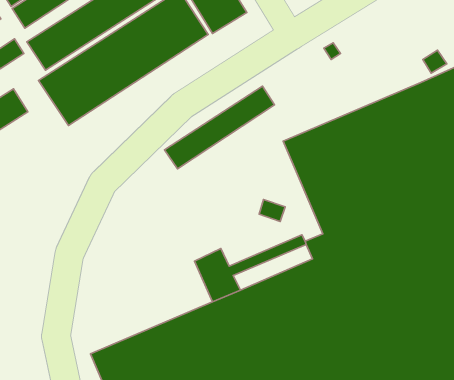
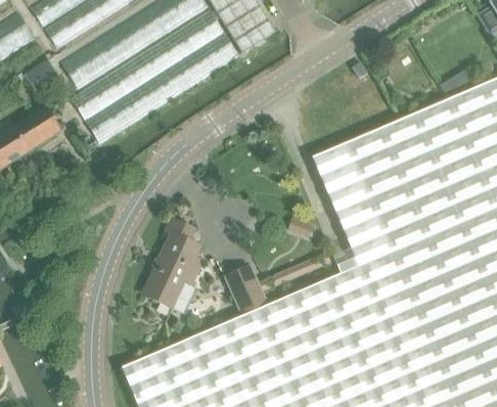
building: [165,86,274,169] -> none
building: none -> [147,219,202,309]

